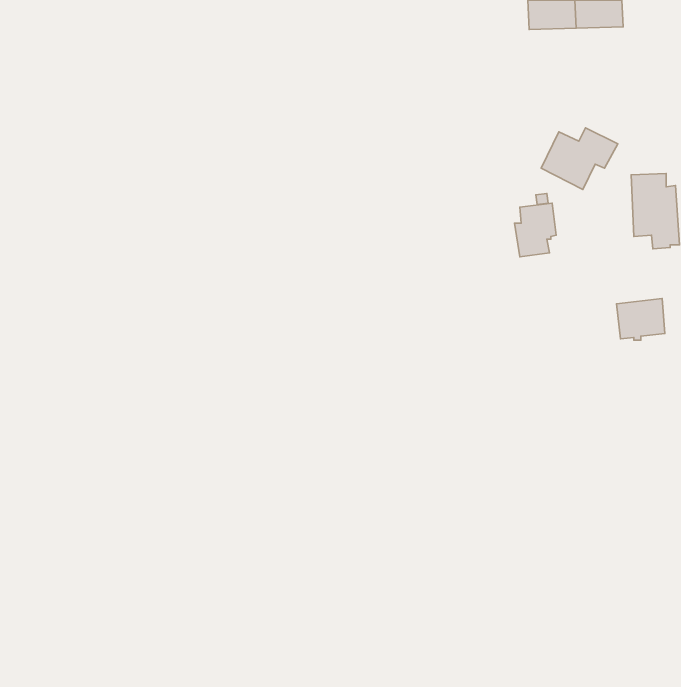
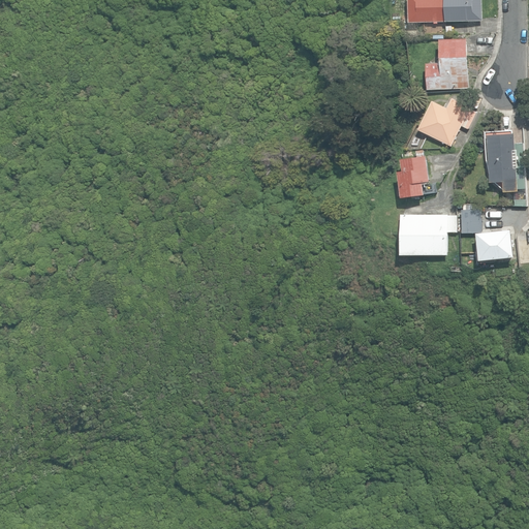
building: none -> [425,38,467,90]
building: none -> [459,209,479,232]
building: none -> [398,215,455,254]

